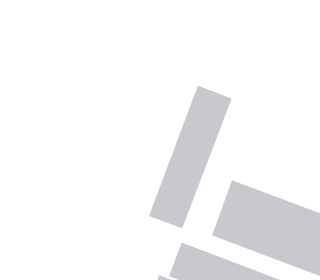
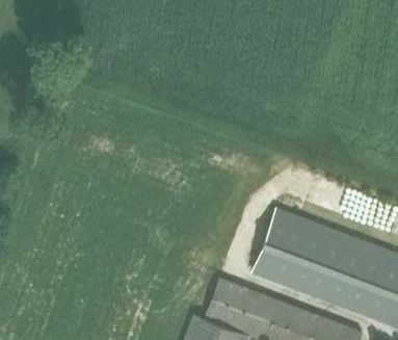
building: [148,85,233,229] -> none

